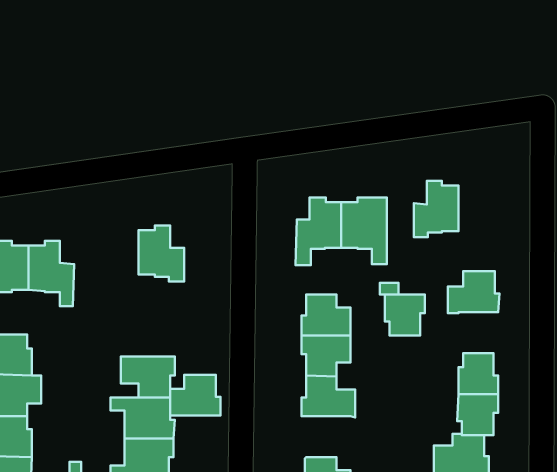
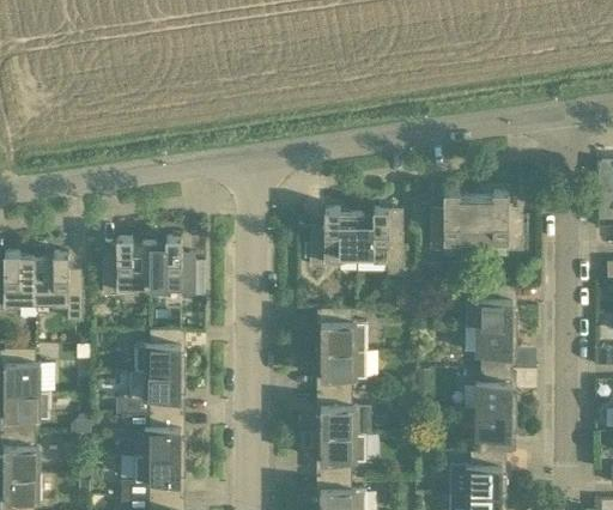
building: none -> [474,193,521,250]
building: none -> [102,238,147,297]
building: [385,295,425,336] -> [474,327,515,369]
building: [170,375,221,416] -> [133,330,184,372]
building: none -> [314,433,364,475]

